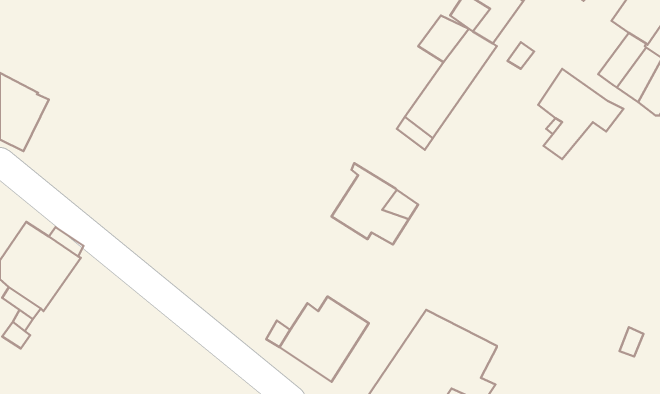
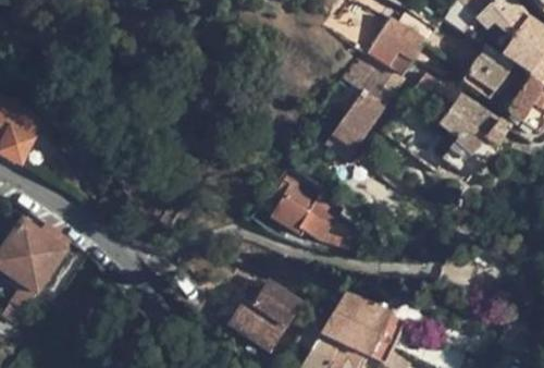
building: none -> [460,45,515,98]

